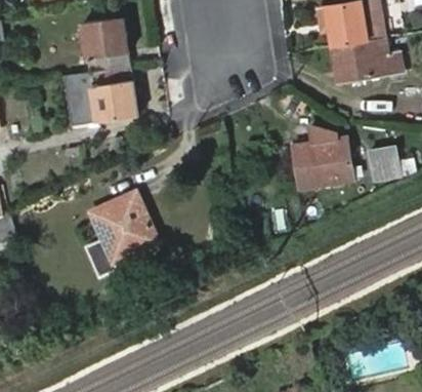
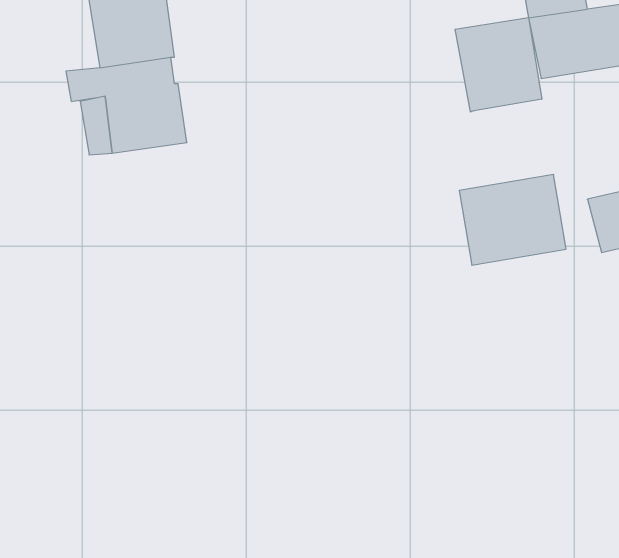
building: none -> [455,18,542,112]
building: [83,199,157,277] -> none

